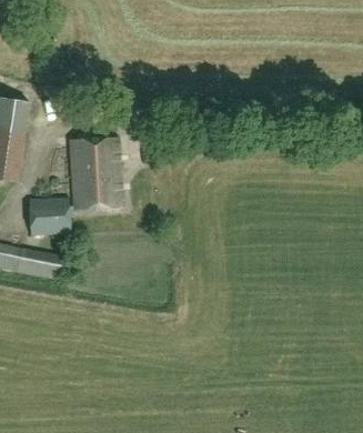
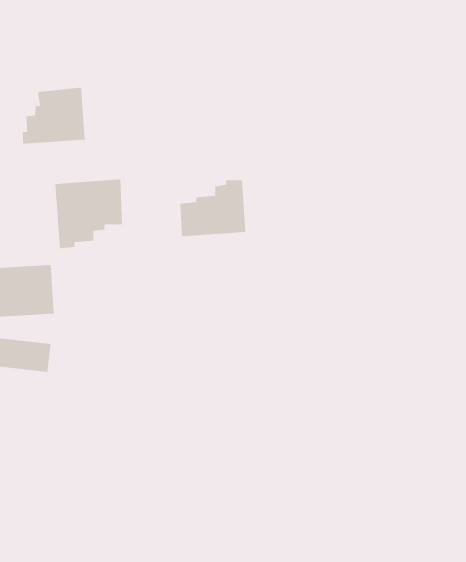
building: none -> [22,87,85,144]
building: [74,171,121,211] -> [179,180,246,237]

